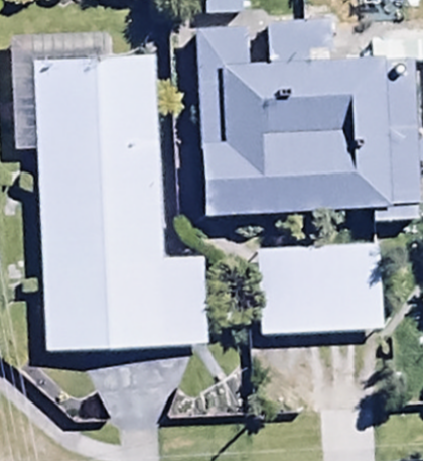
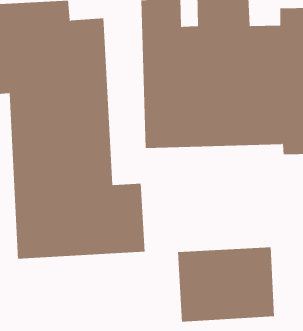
building: [260,241,382,335] -> [177,247,275,322]

